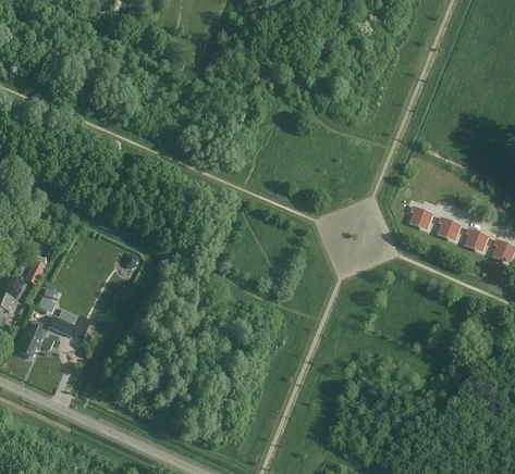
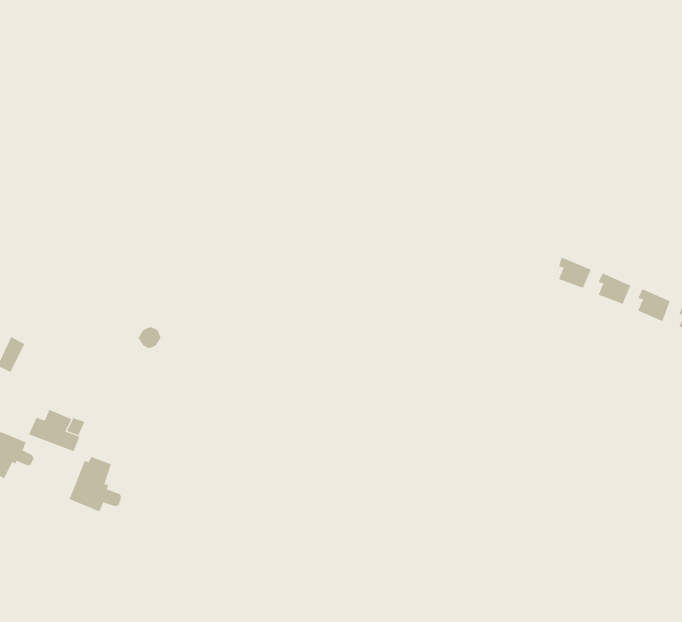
building: none -> [69,456,122,512]

